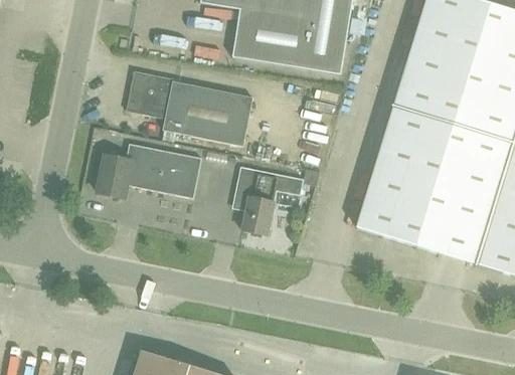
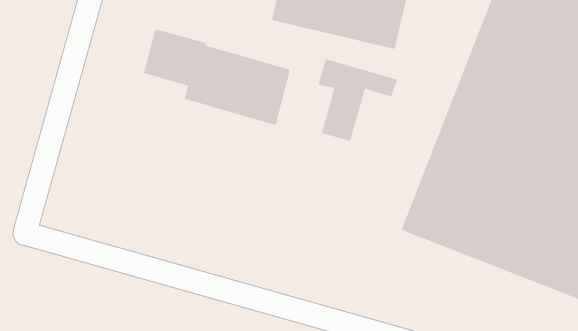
building: [98,144,202,198] -> none
building: [235,166,304,235] -> [317,58,398,142]

